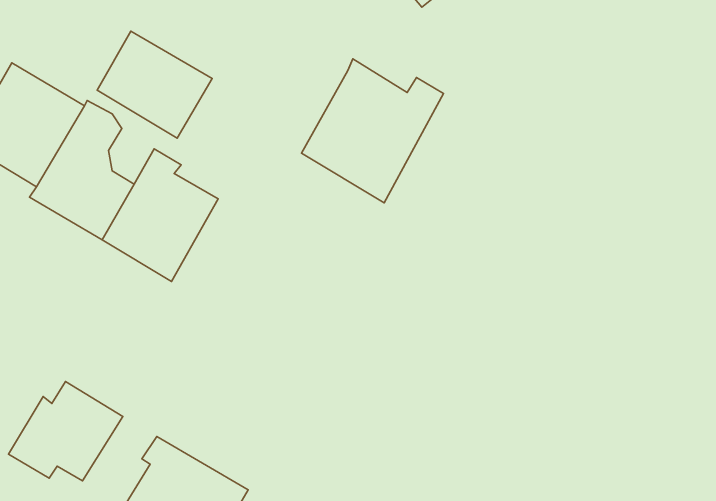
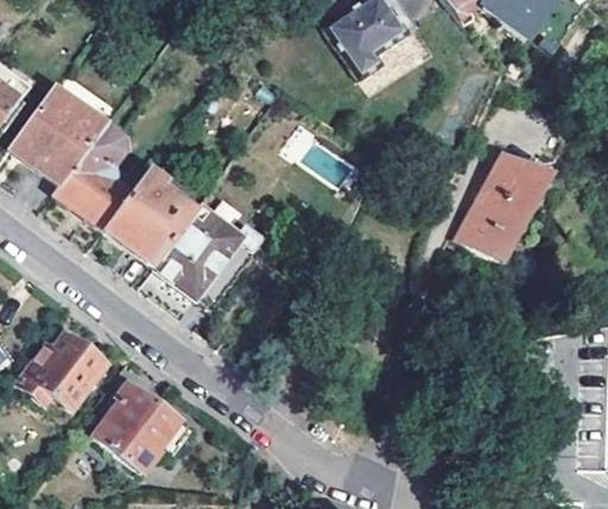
building: [97,31,212,138] -> none
building: [301,59,444,203] -> [152,198,264,308]
building: none -> [462,153,551,254]

